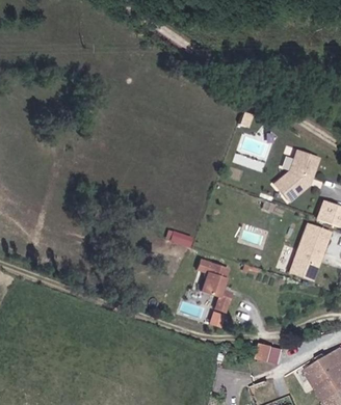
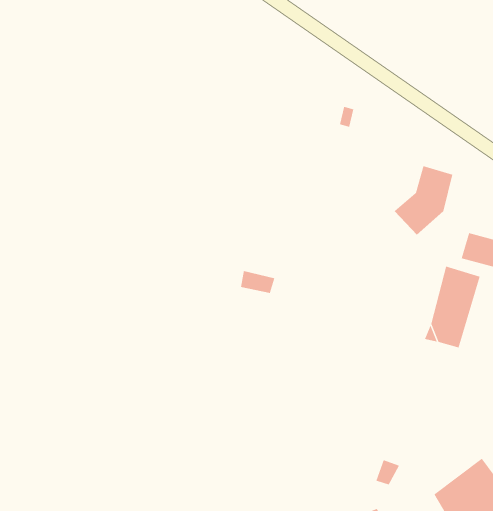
building: [200,264,235,316] -> none

